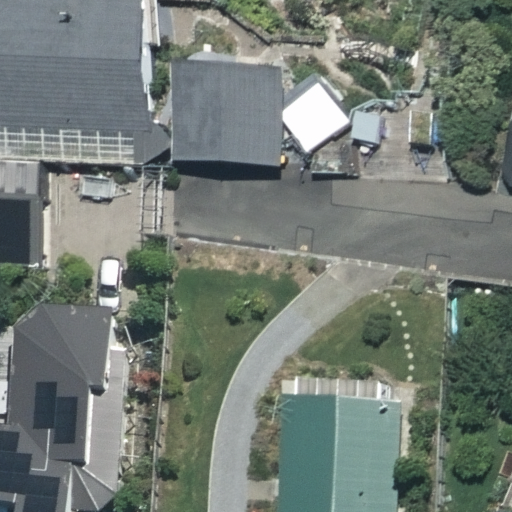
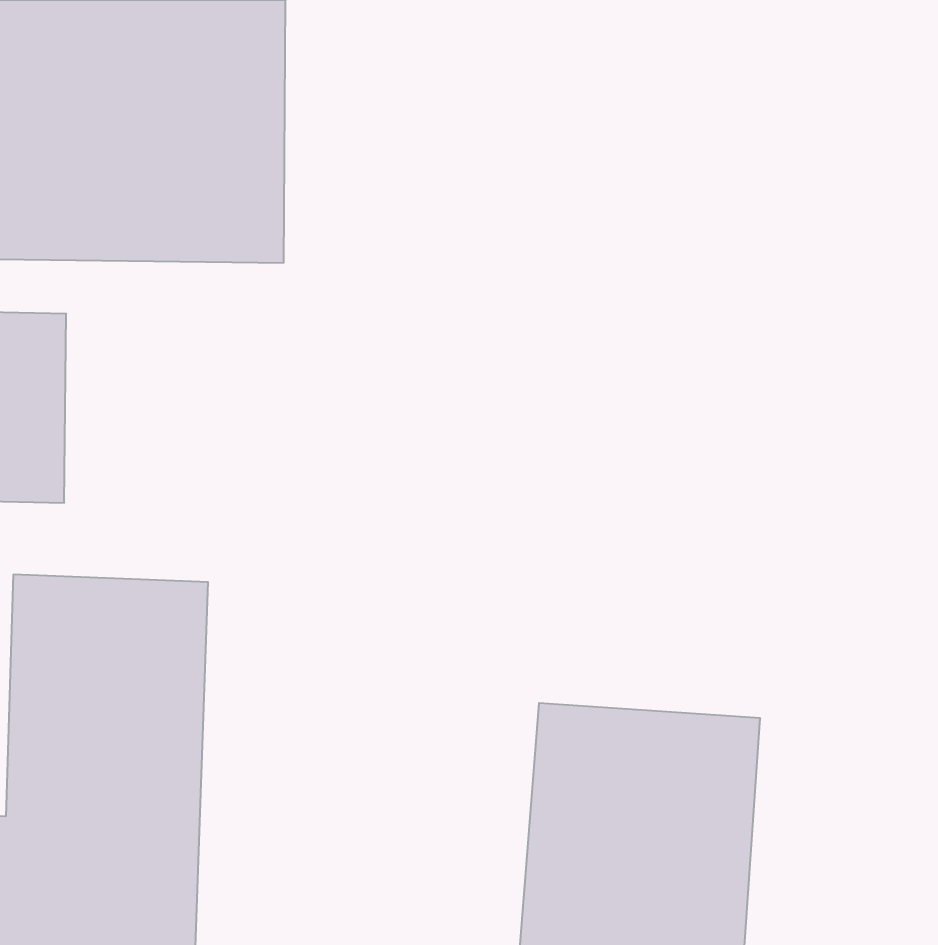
building: [175,57,285,166] -> none

